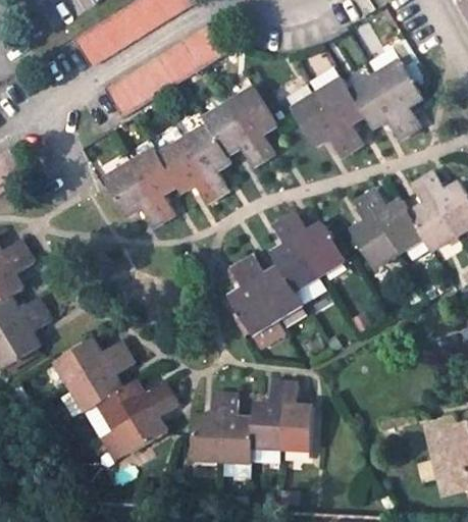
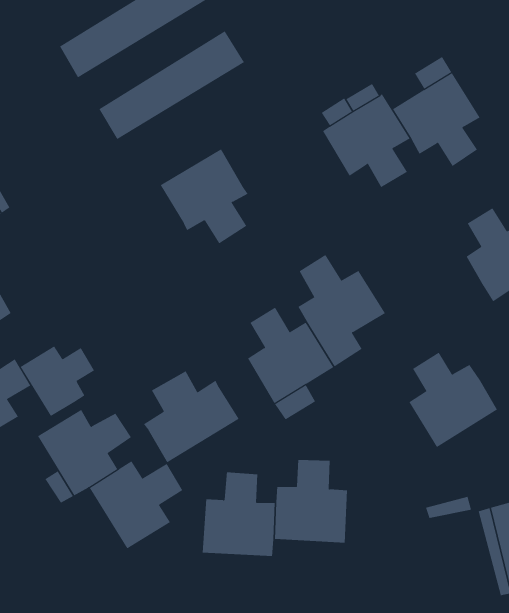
building: [204,88,277,165] -> none
building: [104,149,176,226] -> none
building: [351,190,425,269] -> [408,352,498,448]
building: none -> [20,345,95,417]
building: none -> [143,371,239,463]

